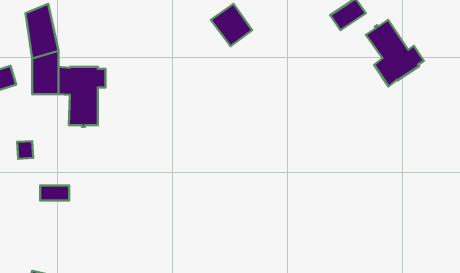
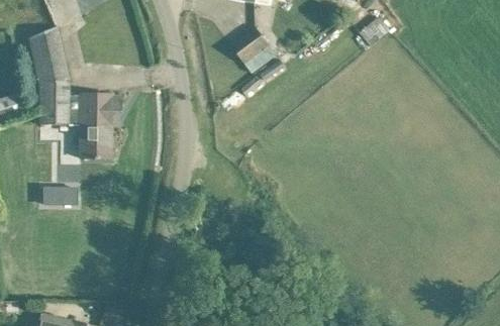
building: [366,20,424,86] -> none
building: [40,185,69,200] -> [43,187,75,203]

